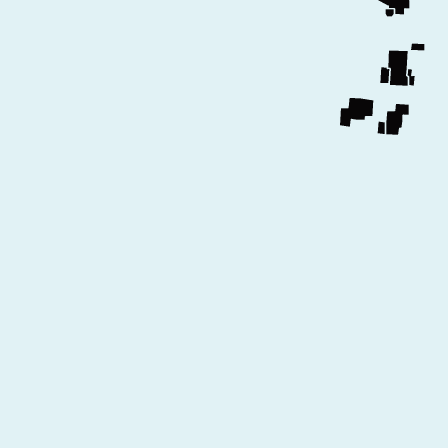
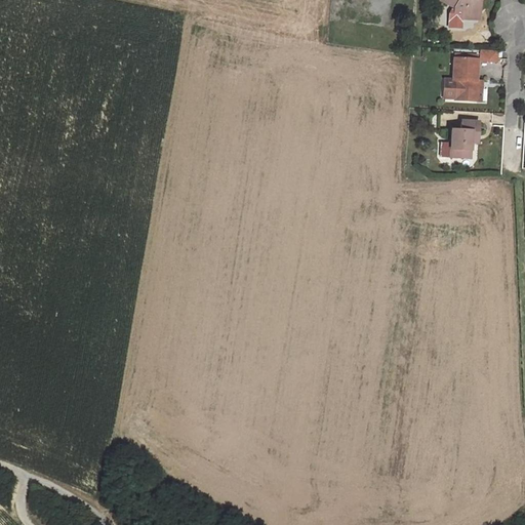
building: [339,97,374,127] -> none

